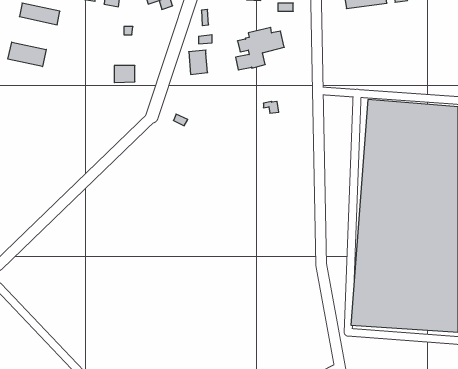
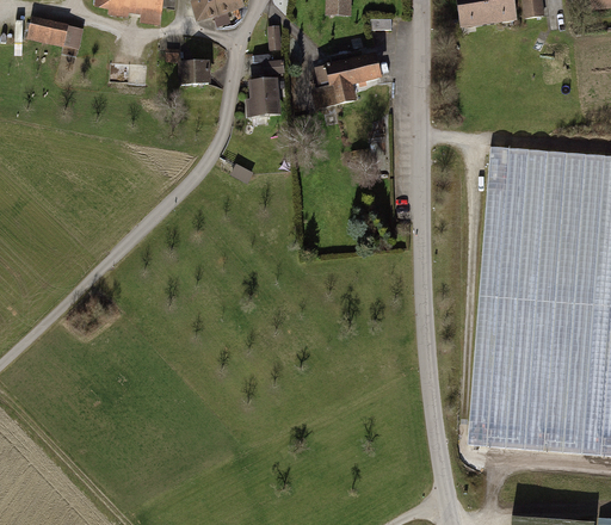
building: [8,42,46,67] -> none
building: [114,66,135,83] -> [181,62,209,85]

